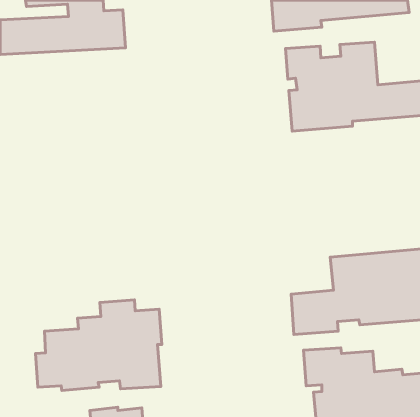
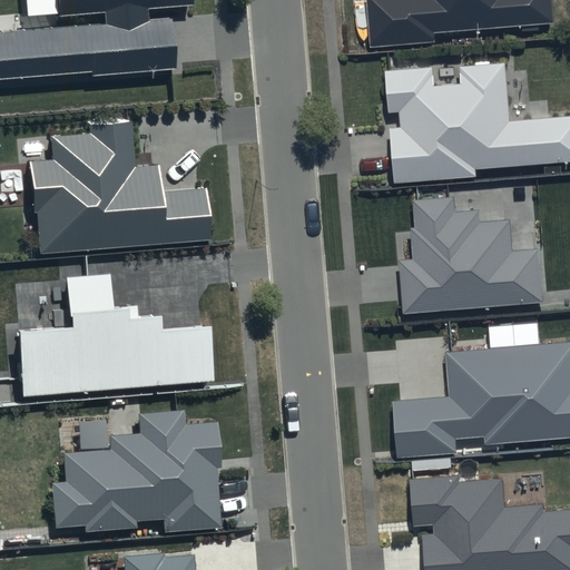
building: none -> [16,121,202,249]
building: none -> [400,197,546,315]
building: none -> [16,274,212,396]

